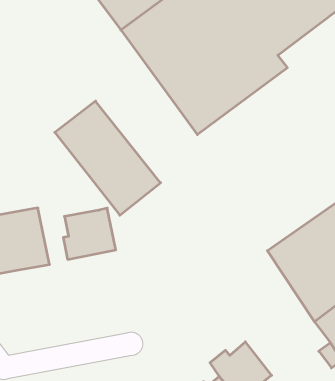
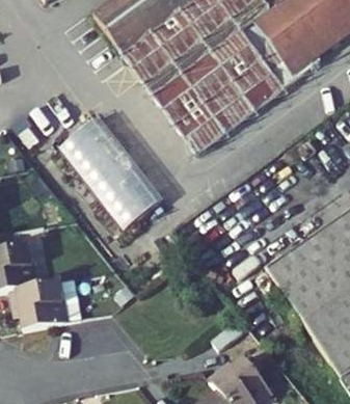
building: [63,208,116,259] -> [16,279,68,330]

